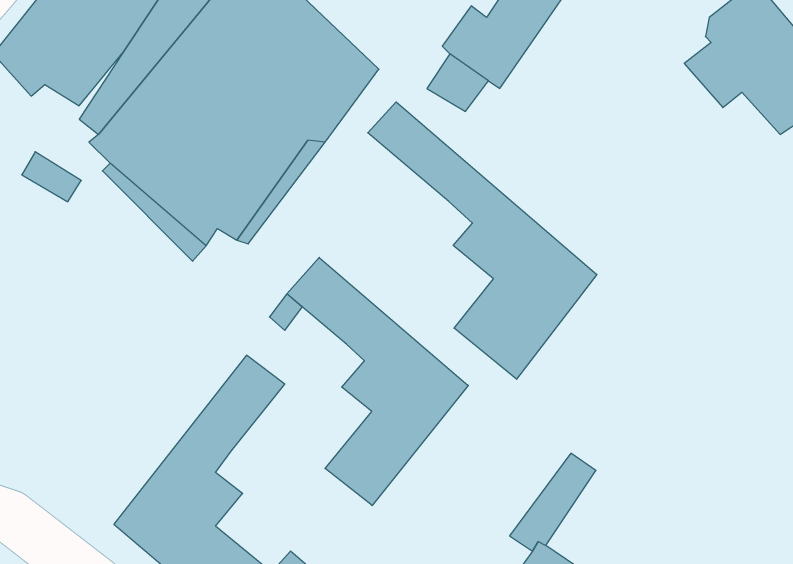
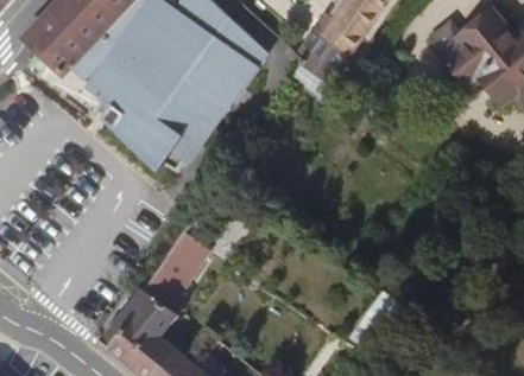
building: [368,102,597,379] -> none
building: [287,257,468,506] -> none

